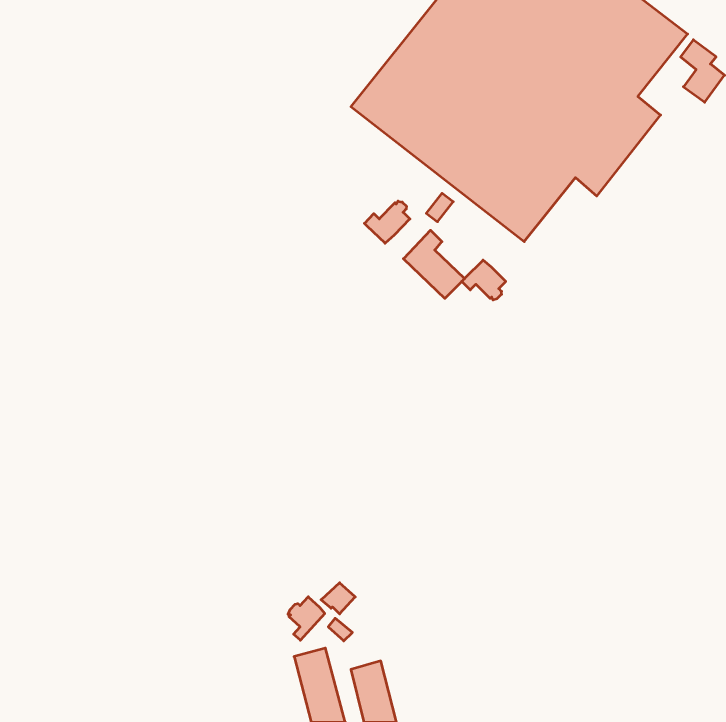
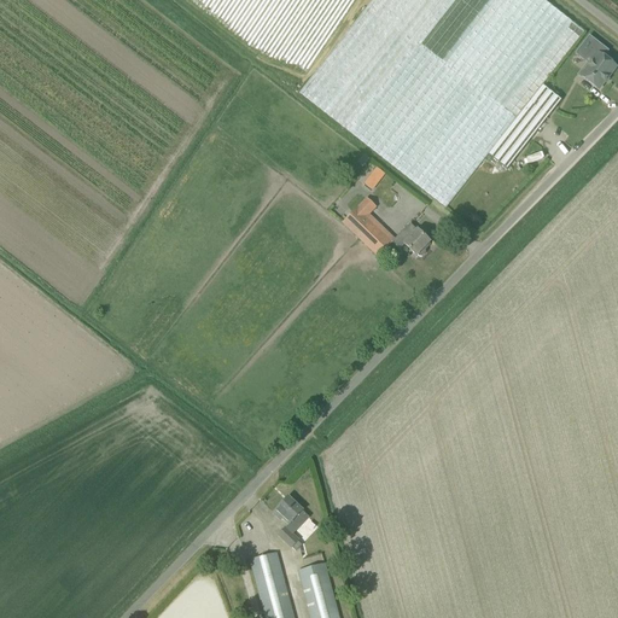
building: [364,201,410,243] -> none
building: [288,597,325,640] -> none

